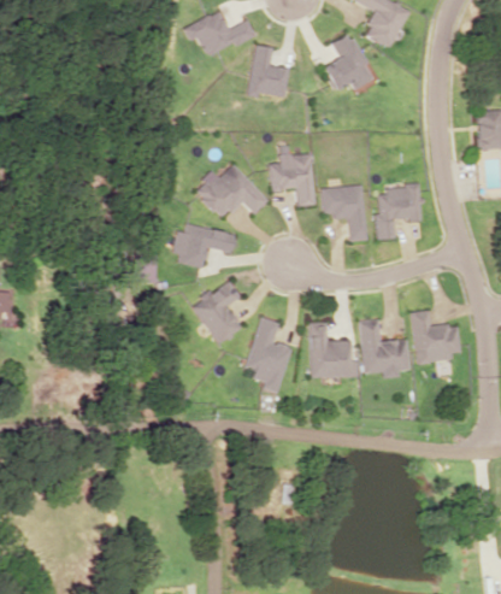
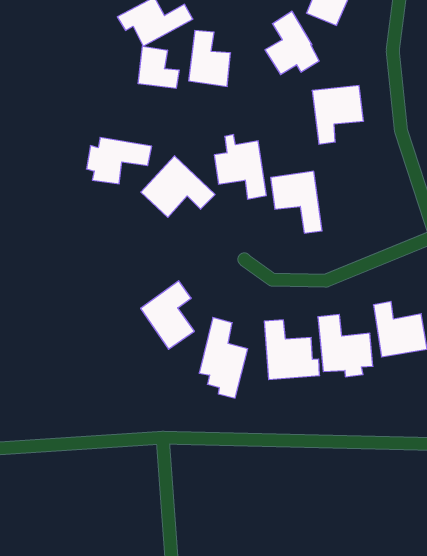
building: none -> [138,46,179,88]
building: [376,186,423,239] -> [312,86,364,144]
building: [173,223,236,267] -> [86,137,152,184]

